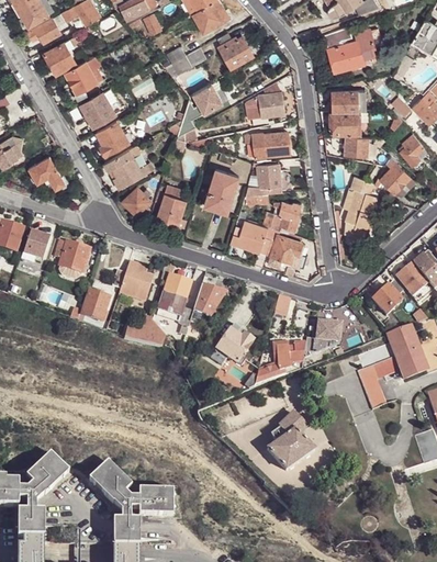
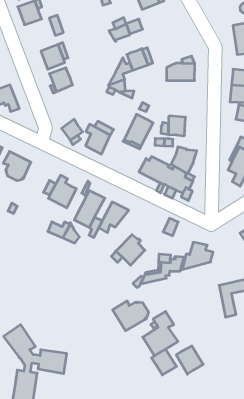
building: [218,35,253,67] -> none
building: [65,61,97,93] -> none
building: [244,131,289,158] -> none
building: [104,146,149,189] -> none
building: [82,291,110,319] -> none
building: none -> [113,301,148,331]
building: none -> [176,346,203,374]
building: none -> [152,349,177,375]

